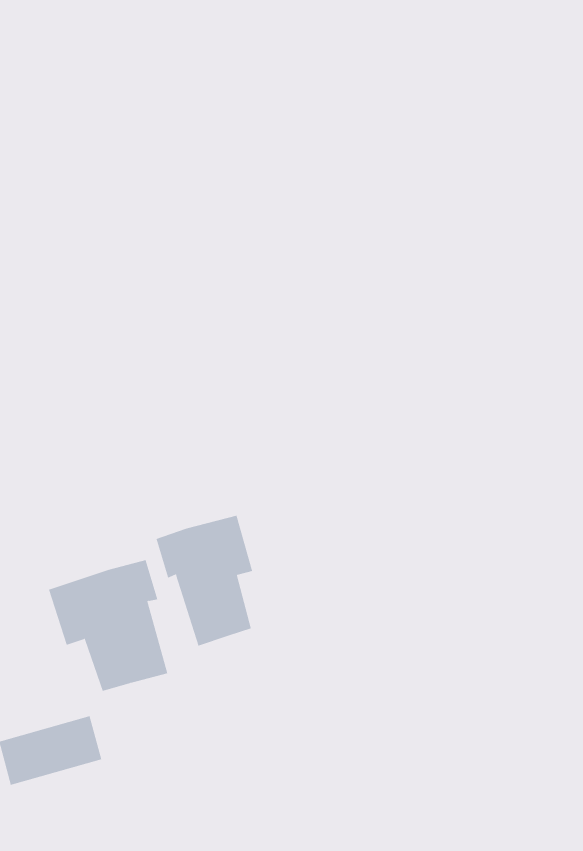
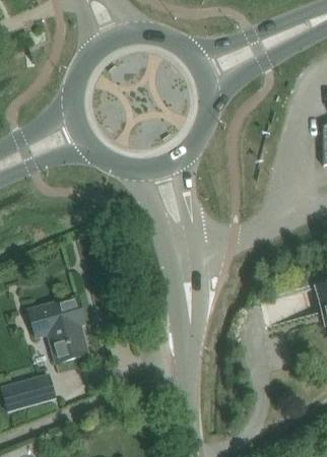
building: [156,515,253,647] -> none

